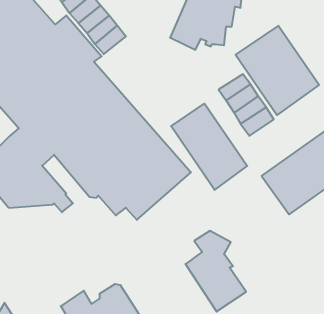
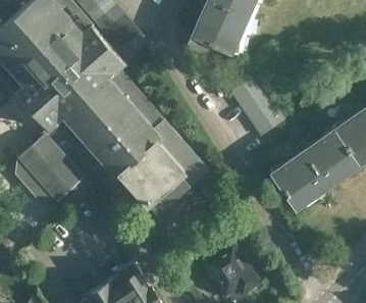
building: [236,26,319,115] -> none
building: [171,104,247,190] -> none

